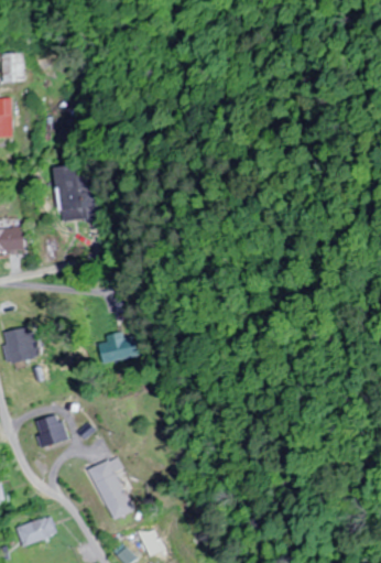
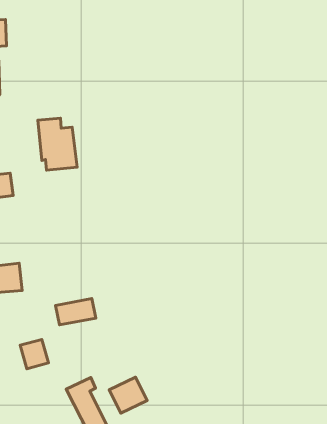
building: [97,332,142,361] -> [56,298,96,325]
building: none -> [109,377,147,413]

